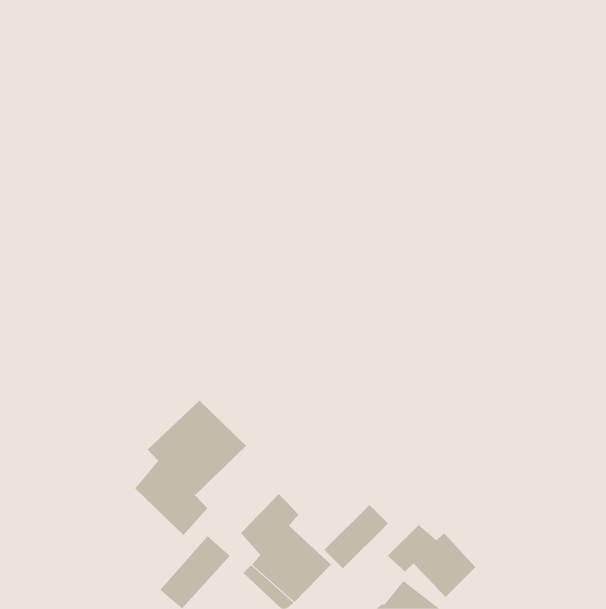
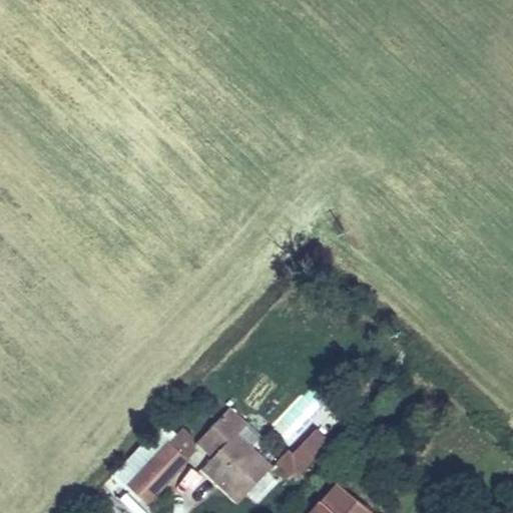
building: [134,400,247,536] -> none
building: [387,524,476,598] -> none

